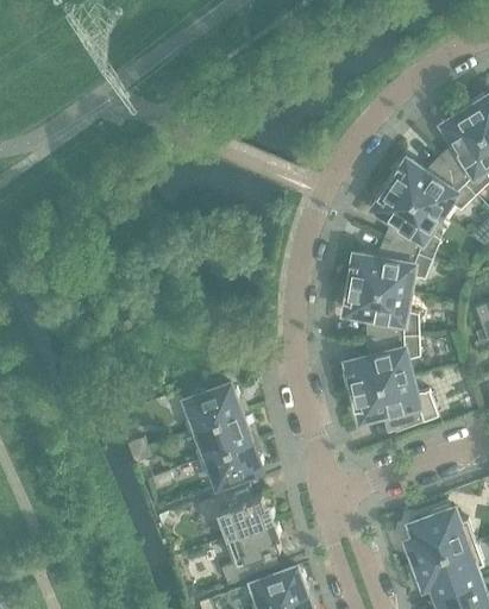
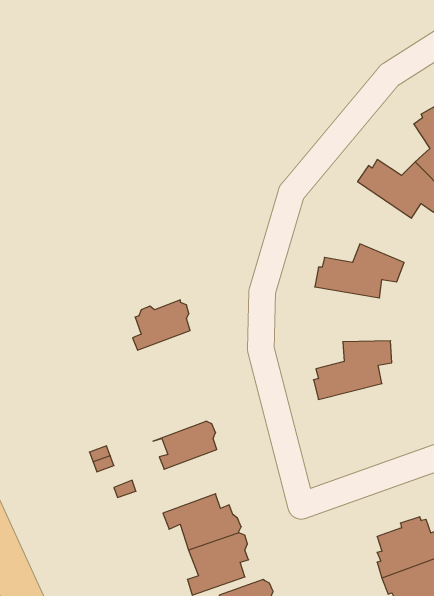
building: [374,181,440,259] -> none
building: [341,283,419,337] -> none
building: [349,377,438,433] -> none
building: [183,384,239,433] -> [133,300,190,350]
building: [199,441,263,486] -> none

